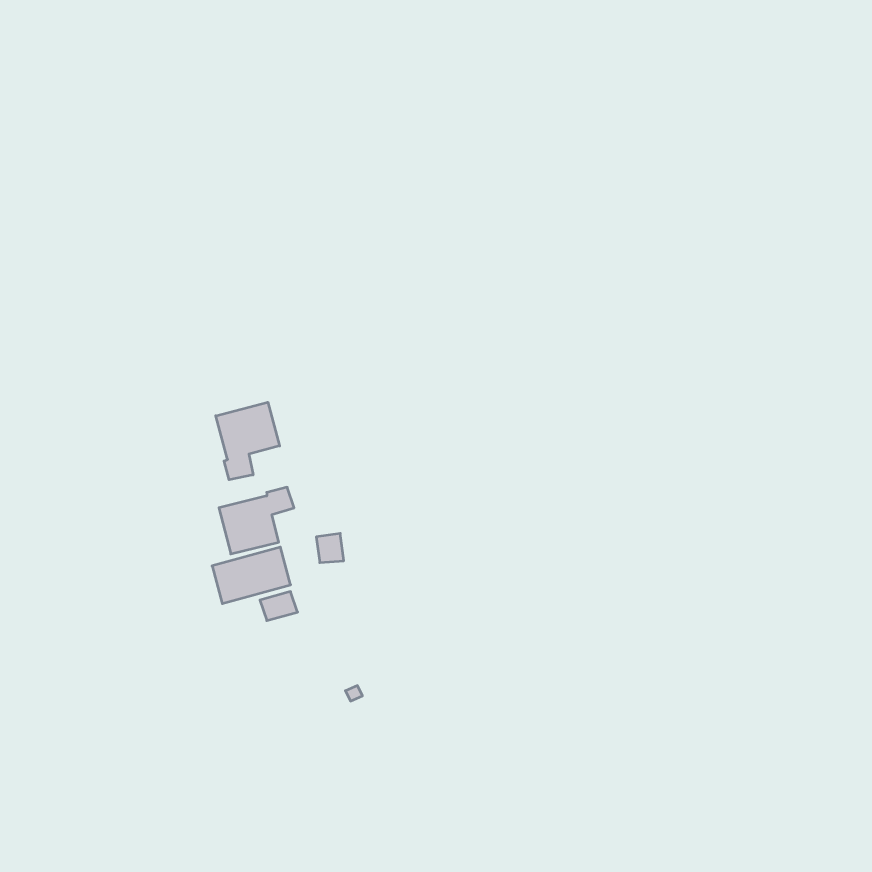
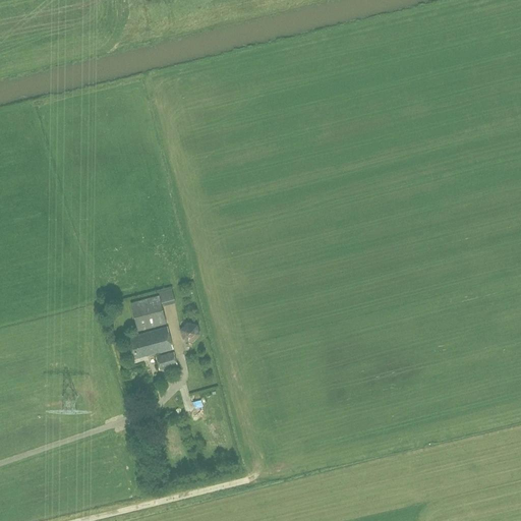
building: [216,402,280,480] -> none

